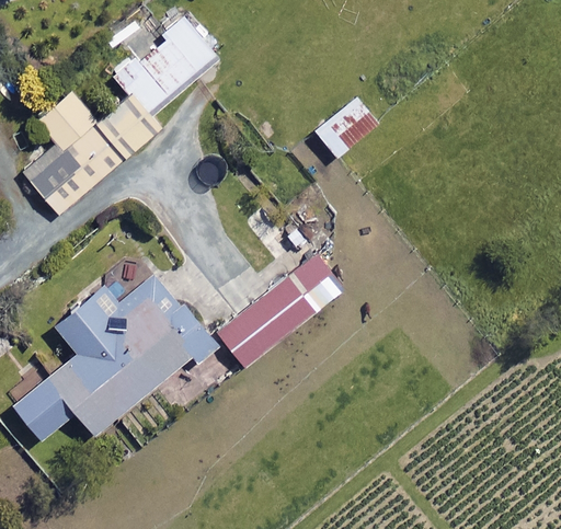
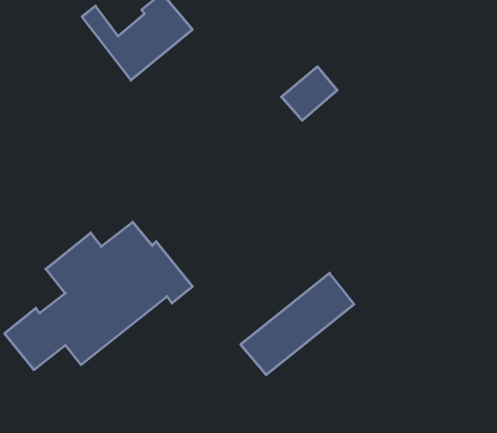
building: [20,91,154,215] -> none
building: [219,257,346,371] -> [241,273,354,375]

